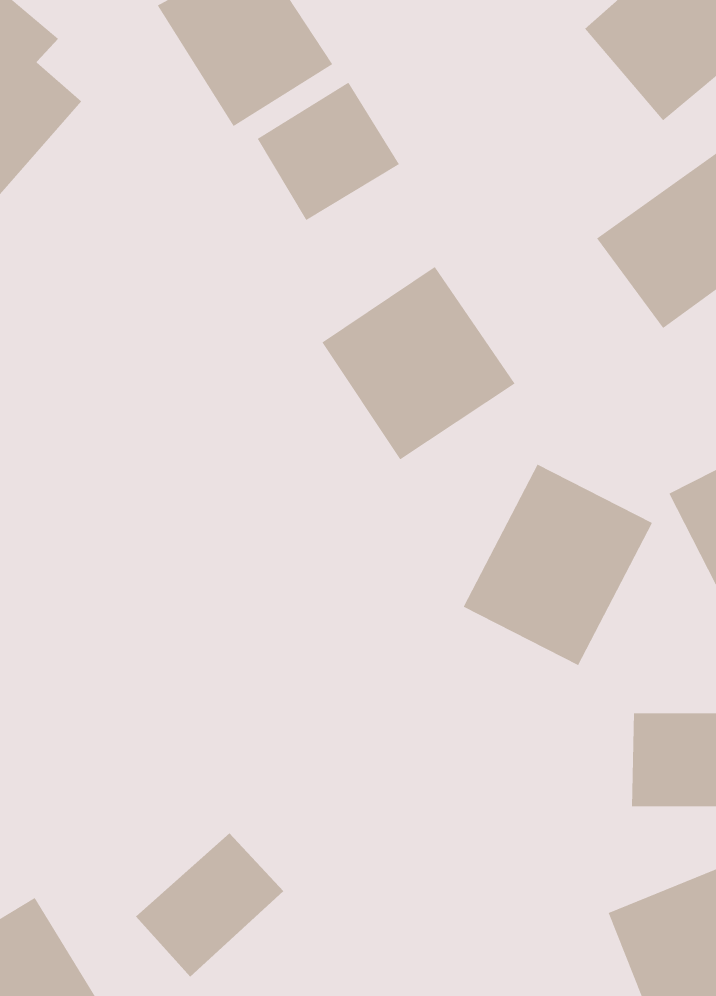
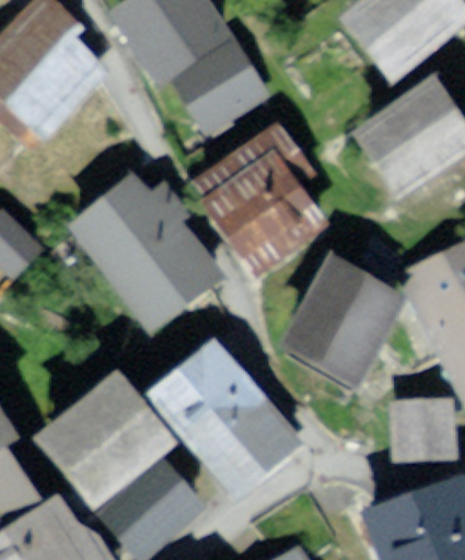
building: none -> [79,182,208,320]
building: none -> [162,343,288,472]
building: none -> [46,375,170,498]

